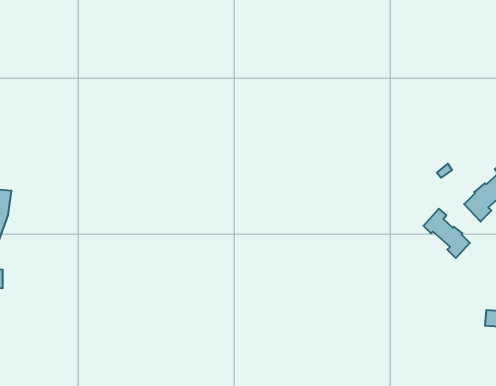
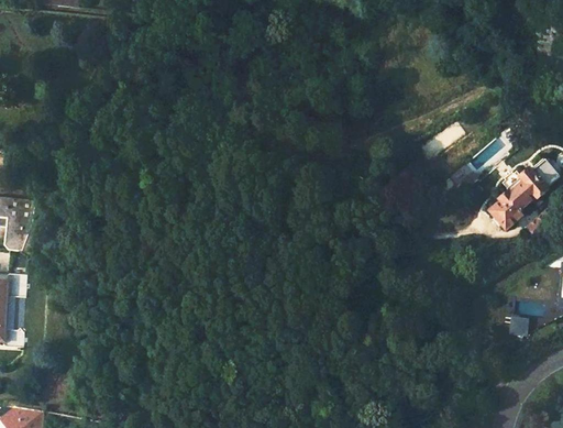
building: [423,209,470,258] -> none

